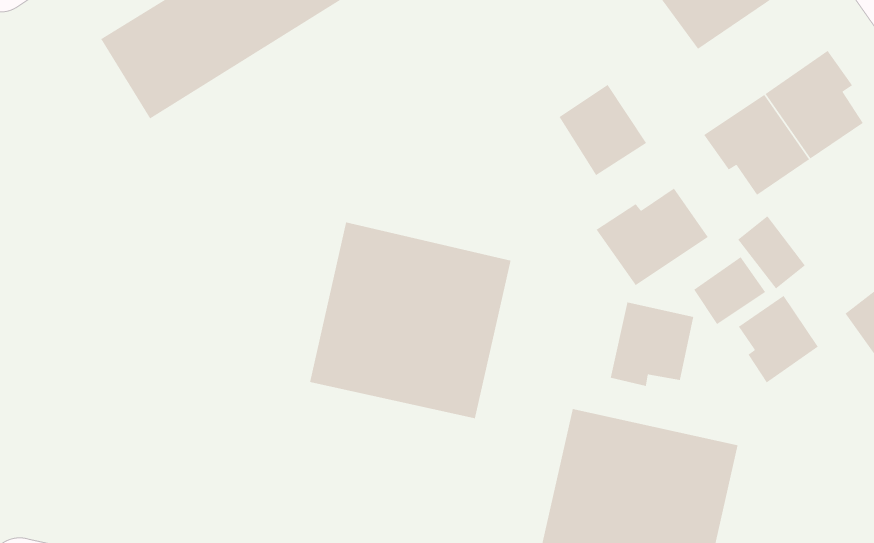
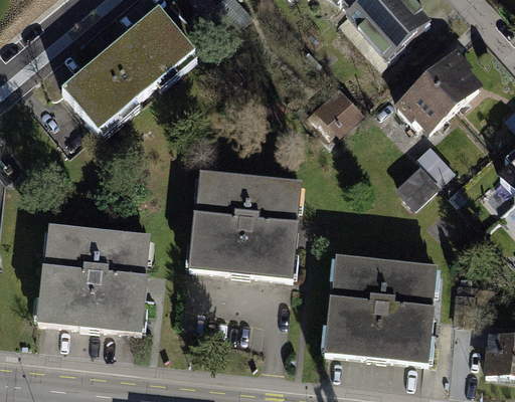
building: [596,187,709,286] -> none
building: [738,295,819,383] -> none
building: none -> [38,231,147,330]
building: [610,301,694,387] -> none

